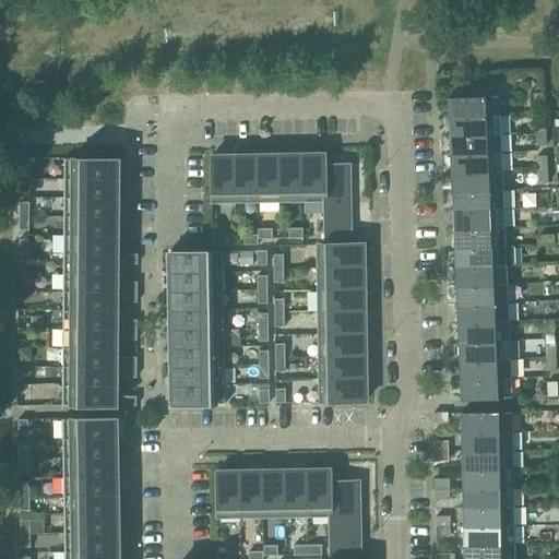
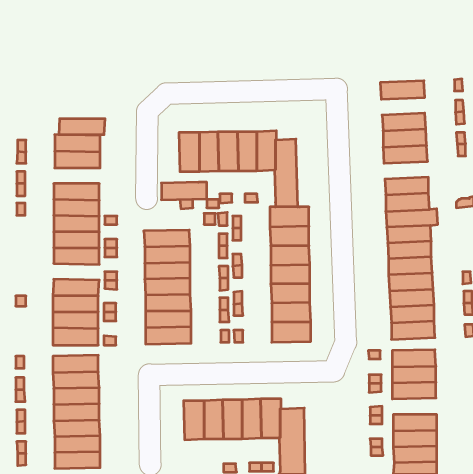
building: [450,115,501,135] -> none
building: [453,190,506,211] -> none
building: [64,198,119,216] -> [59,119,105,135]
building: [170,251,224,272] -> [161,182,207,200]
building: [64,310,118,330] -> none
building: [463,468,515,488] -> none

